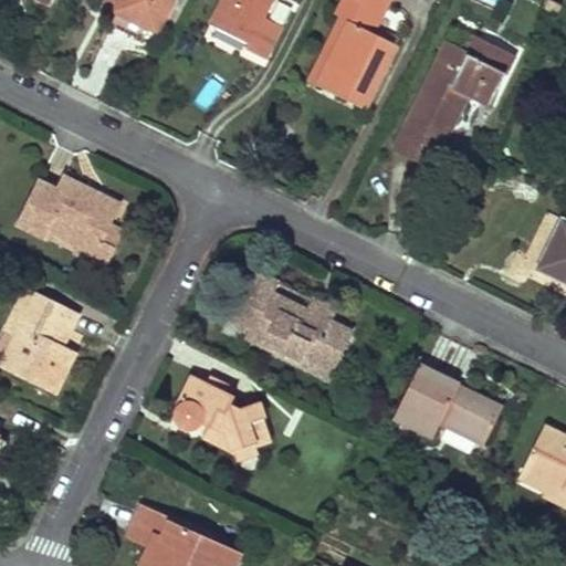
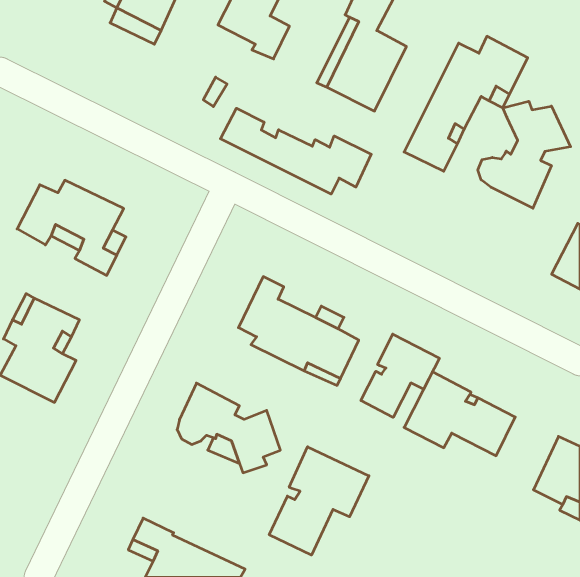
building: none -> [478,101,571,208]
building: none -> [220,108,371,194]
building: none -> [361,334,439,417]
building: none -> [269,447,369,555]

